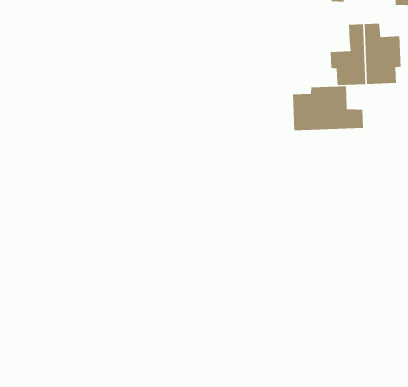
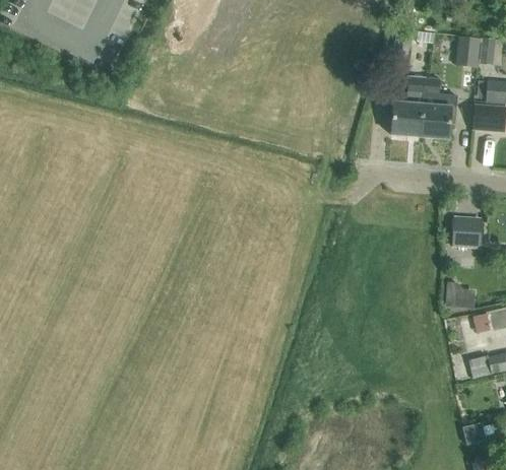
building: [292,86,364,131] -> none

